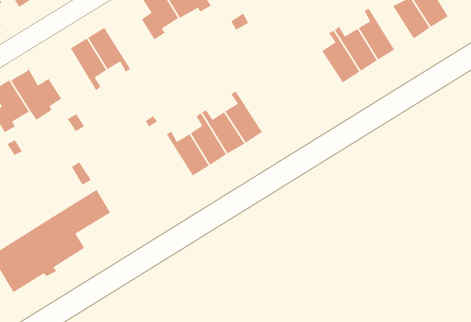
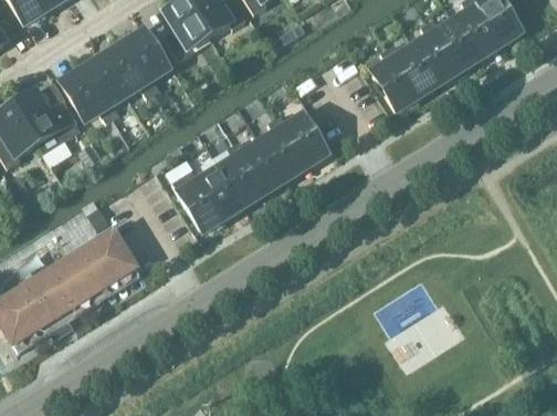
building: none -> [428,17,479,70]
building: none -> [123,30,168,92]
building: none -> [62,67,113,121]
building: none -> [274,113,326,165]
building: none -> [172,167,224,229]

